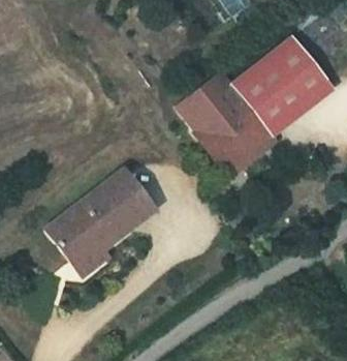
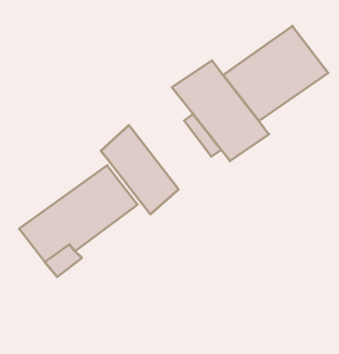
building: none -> [101,125,178,214]

